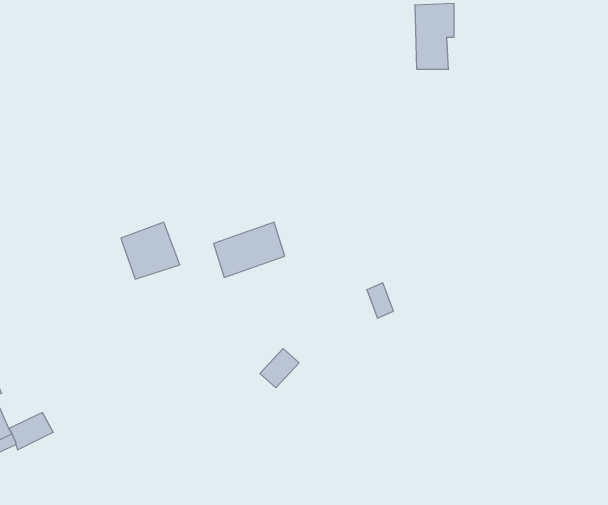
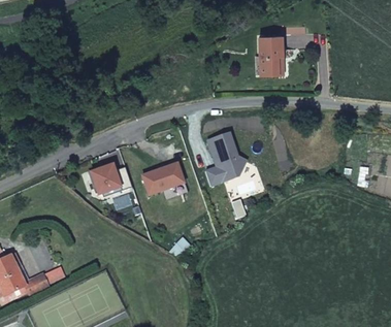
building: none -> [205,131,248,186]

